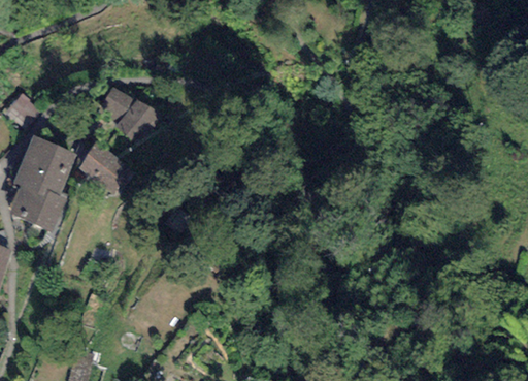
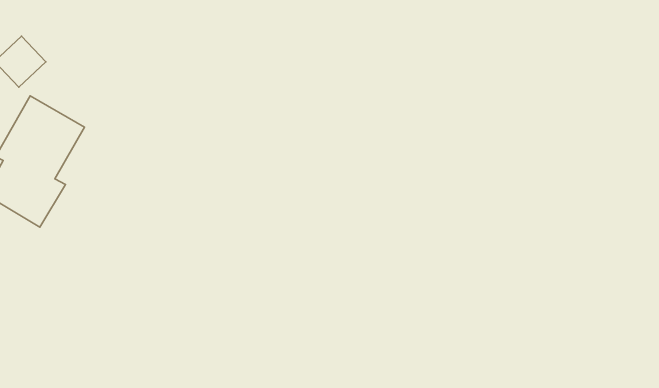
building: [98,87,160,144] -> none
building: [77,142,129,191] -> none

